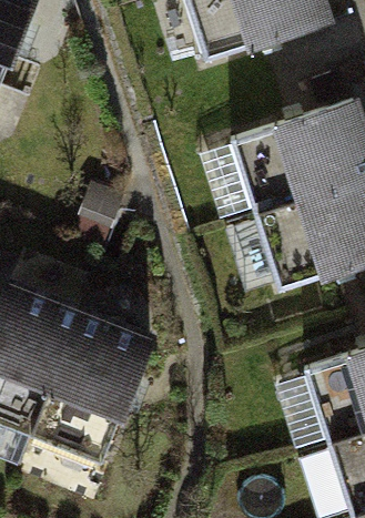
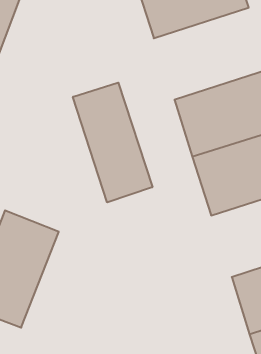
building: none -> [73,83,152,202]
building: [36,308,154,460] -> none

